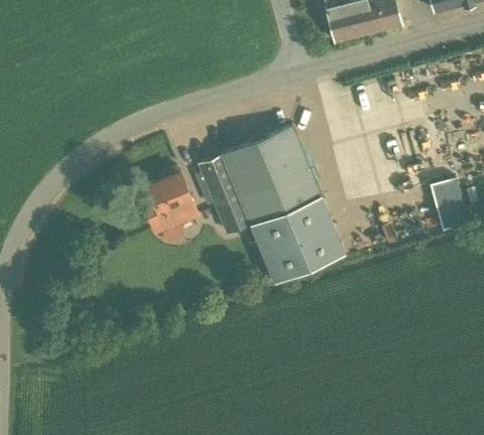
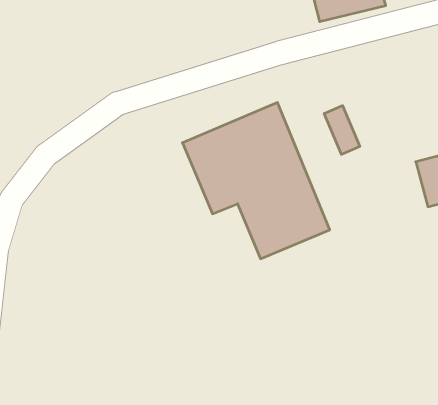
building: none -> [324,106,360,154]
building: [145,167,198,232] -> none

